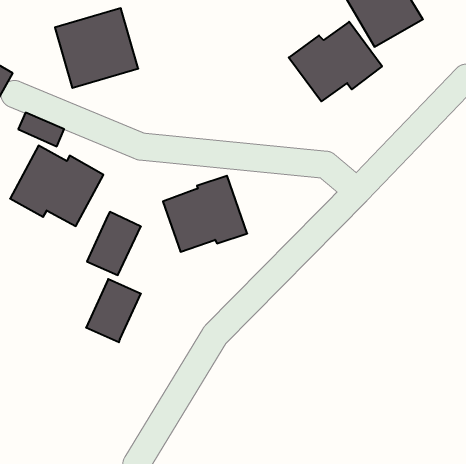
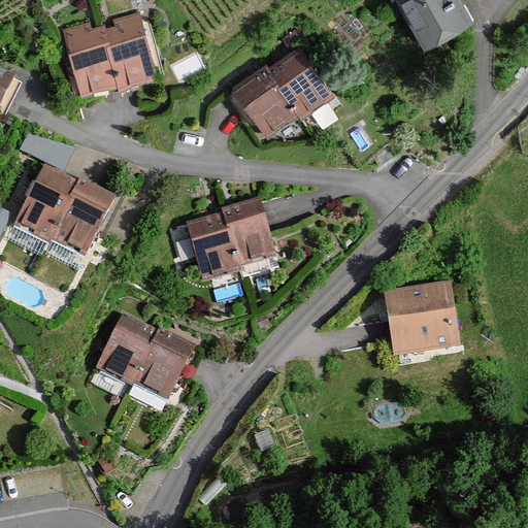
building: [289,22,382,101] -> [228,45,333,135]
building: [87,212,141,275] -> [135,327,196,398]
building: none -> [381,283,458,358]

